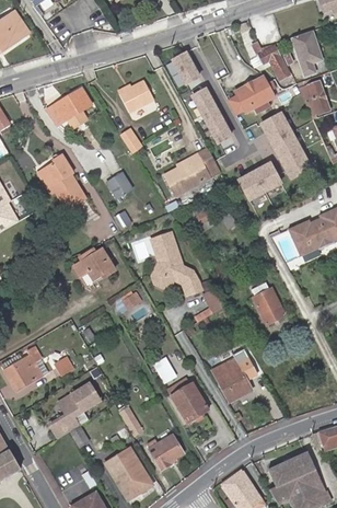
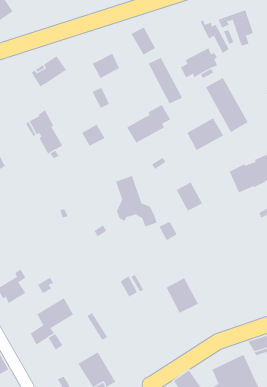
building: [298,83,328,122] -> none
building: [84,247,115,278] -> none
building: [253,287,286,323] -> [176,182,203,211]
building: [168,378,209,420] -> none
building: [148,435,184,470] -> none

